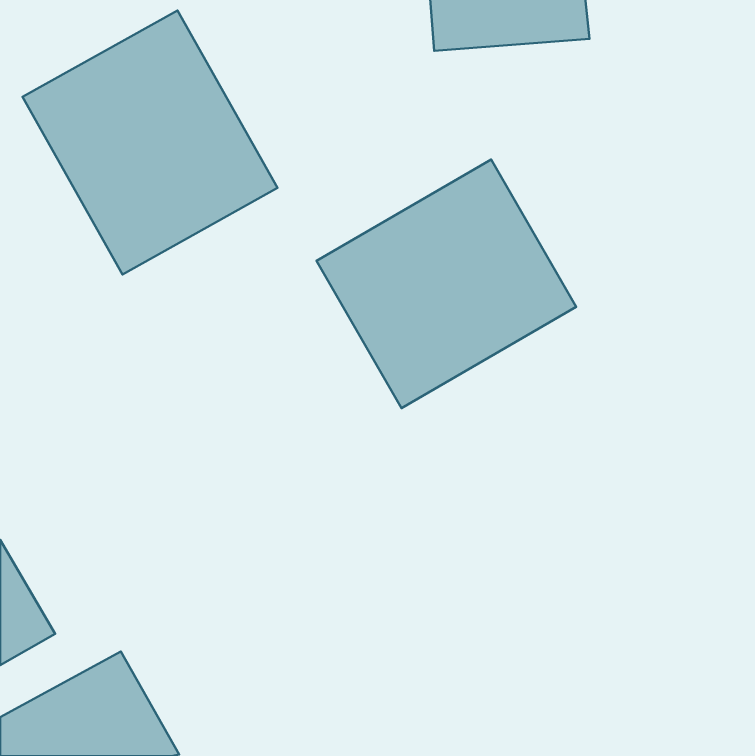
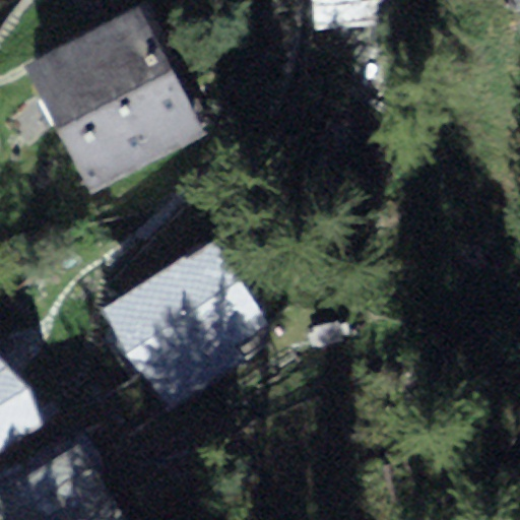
building: [316,160,576,408] -> none
building: none -> [112,239,273,394]

